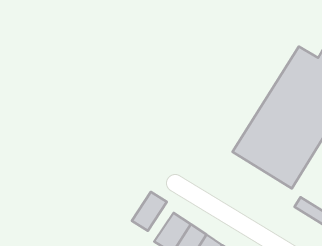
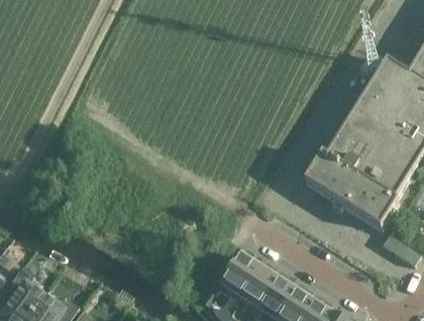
building: [132,192,167,231] -> none

